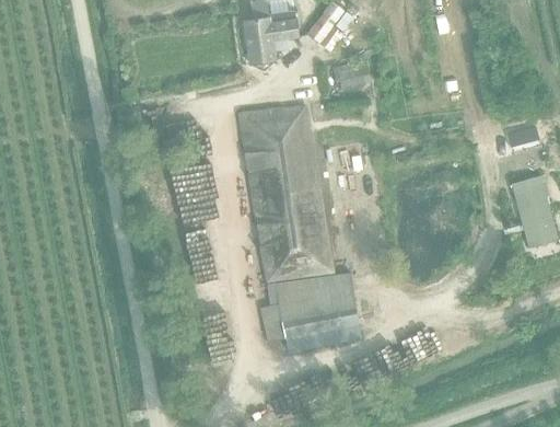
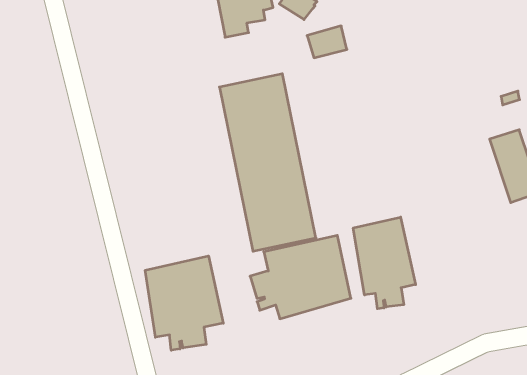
building: none -> [353,217,416,309]
building: none -> [145,256,223,350]

